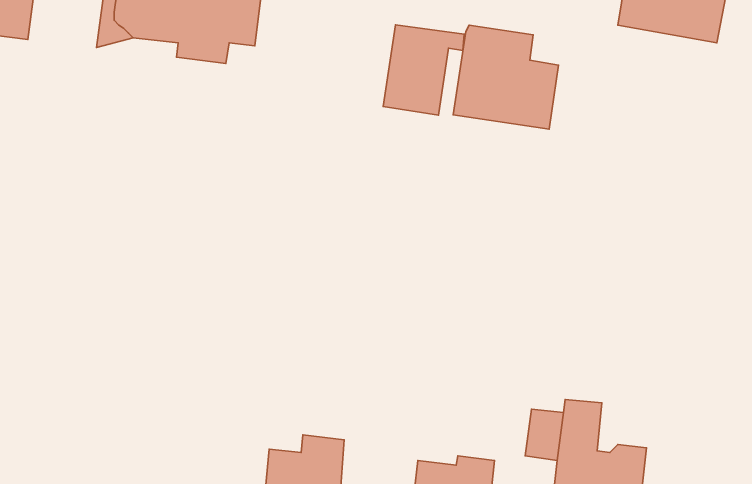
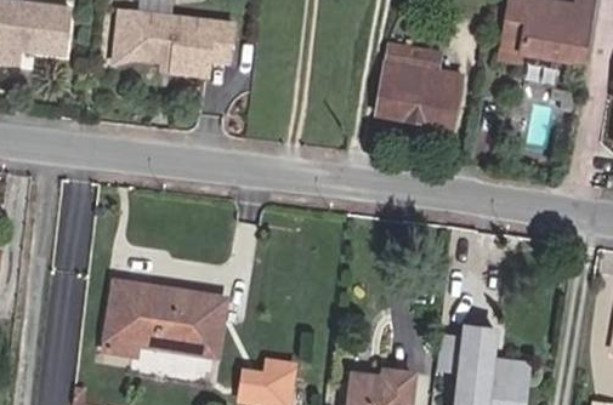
building: [383,25,464,115] -> none
building: none -> [104,284,223,356]

